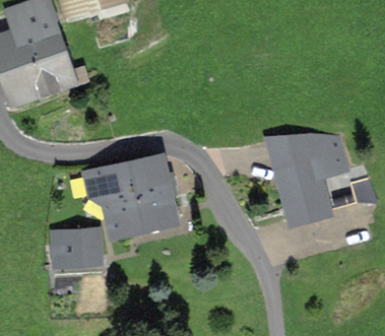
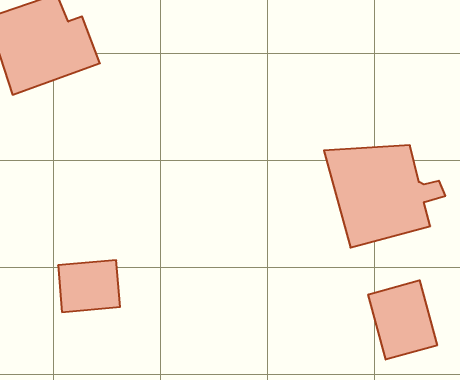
building: [94,155,178,242] -> none
building: none -> [368,280,437,360]

